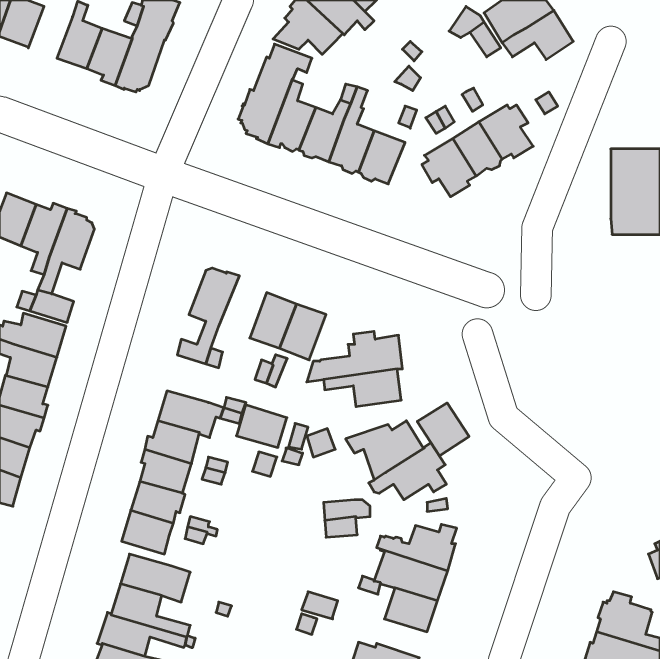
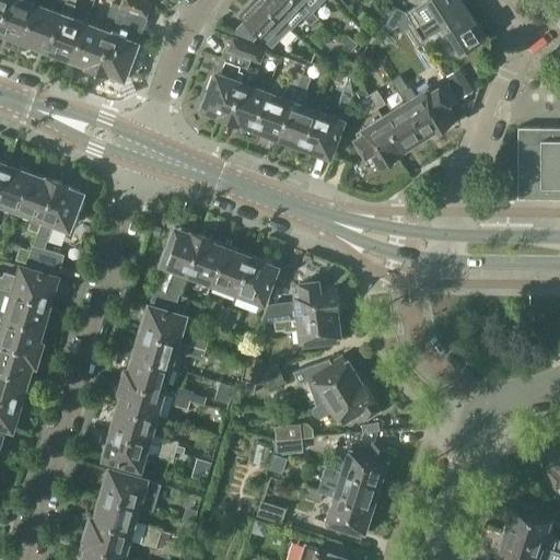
building: none -> [24,8,61,51]
building: none -> [185,235,225,288]
building: [417,403,469,456] -> none
building: [236,405,287,447] -> [141,306,184,342]

